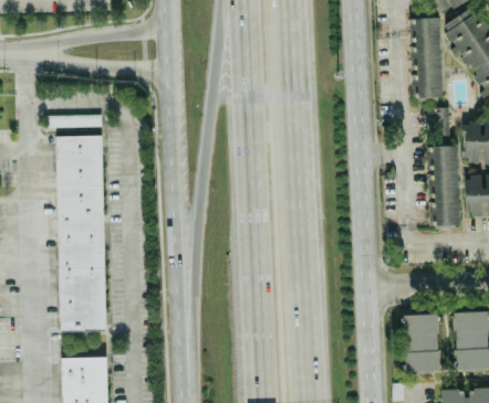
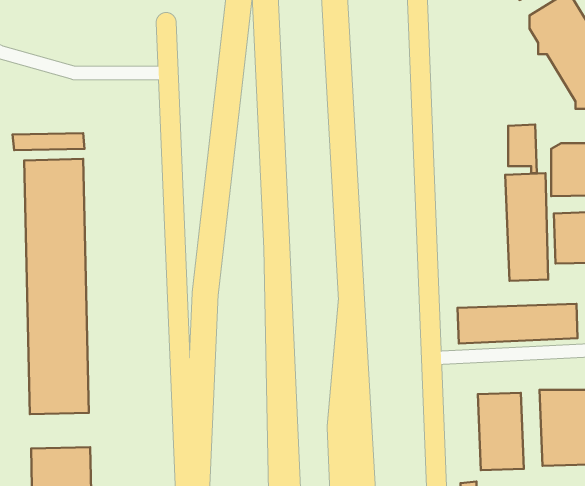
building: [409,18,441,97] -> none
building: none -> [457,304,578,343]

